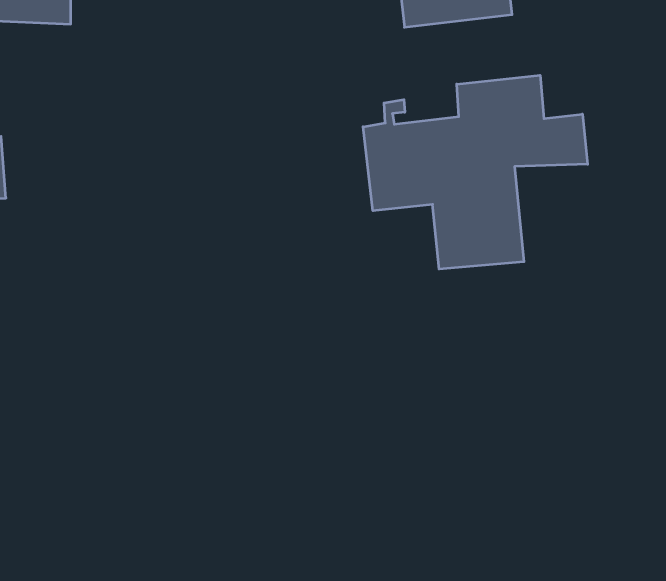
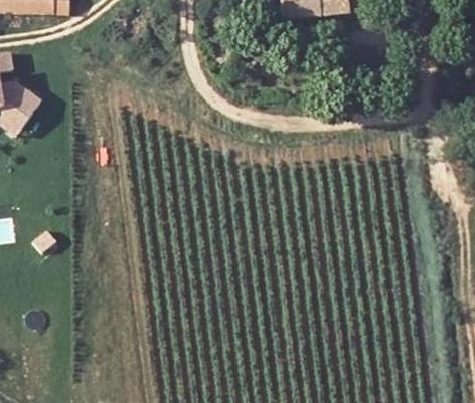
building: [363,75,588,269] -> none

